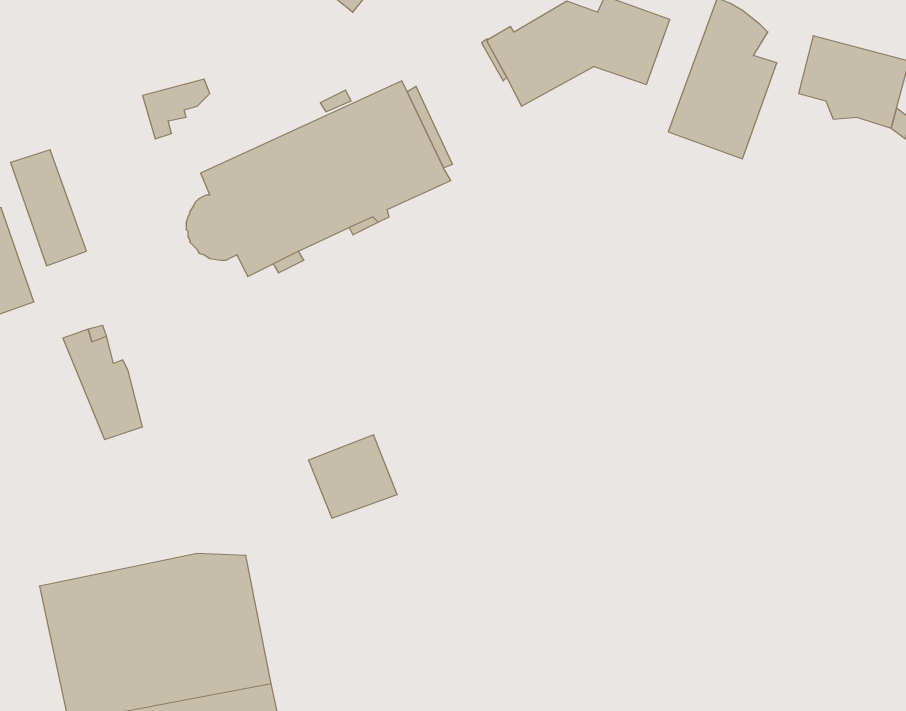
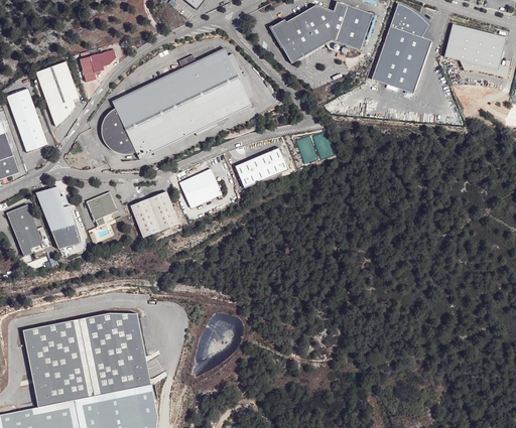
building: none -> [35,61,79,126]
building: none -> [234,147,288,190]
building: none -> [178,168,221,207]
building: none -> [88,190,117,226]
building: none -> [6,203,45,256]
building: [308,435,397,518] -> [129,190,178,237]

